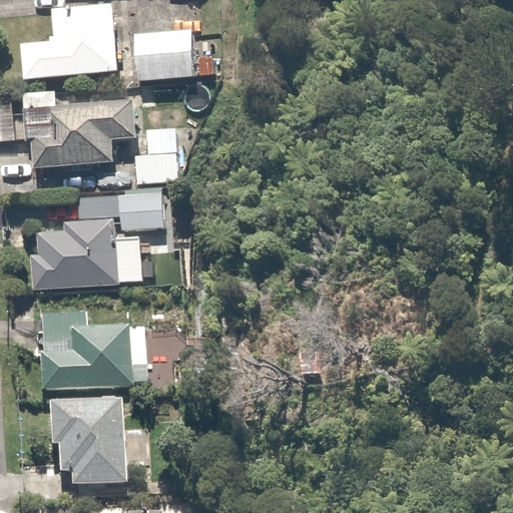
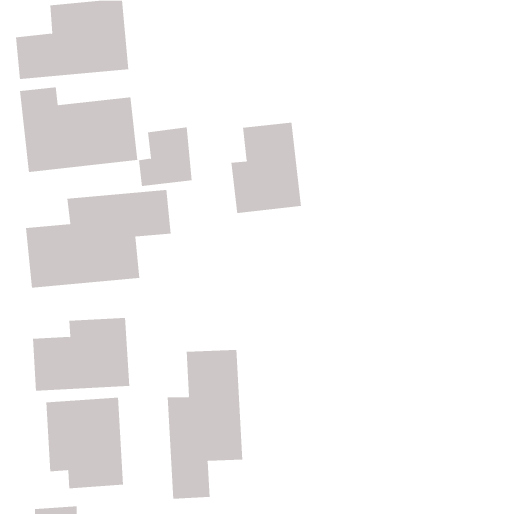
building: [134,30,227,81] -> none
building: none -> [231,122,302,214]
building: none -> [167,349,243,500]

